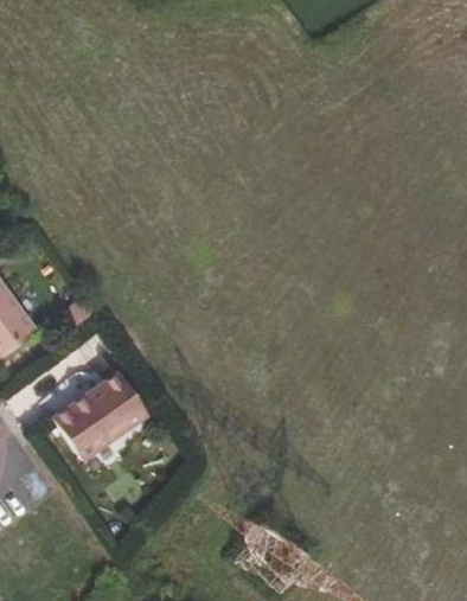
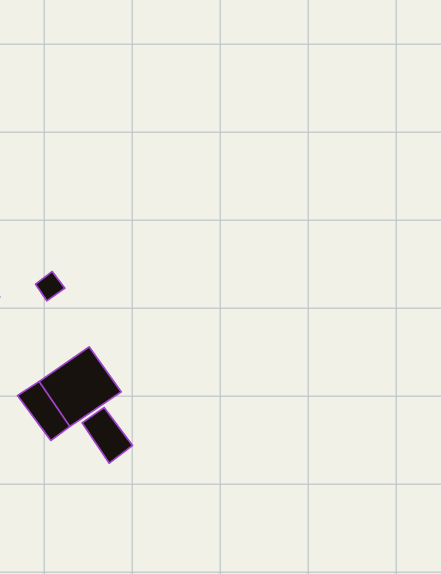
building: none -> [82,408,133,463]

